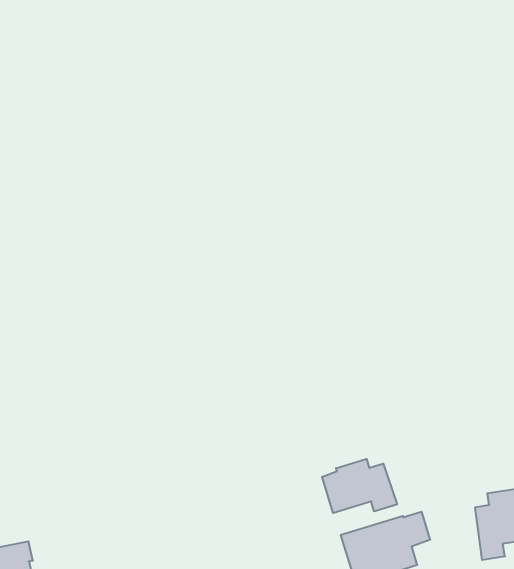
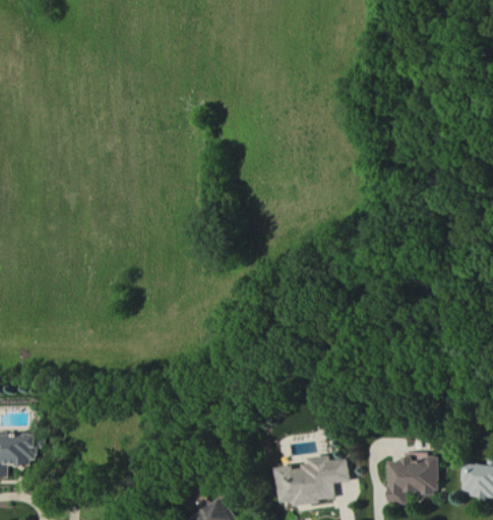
building: [322,459,397,513] -> none

